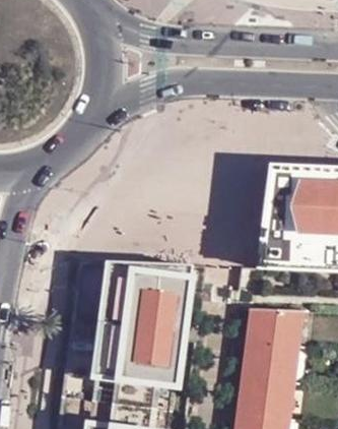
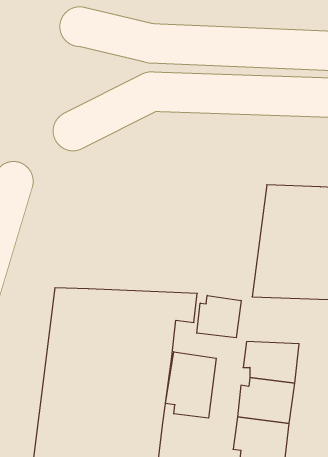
building: none -> [197,295,241,338]
building: none -> [165,352,216,418]

